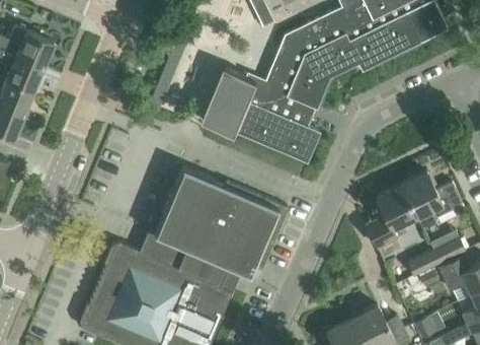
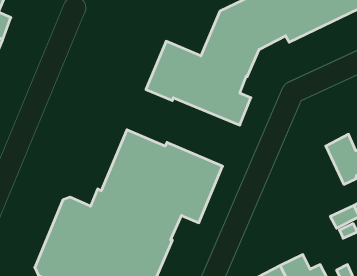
building: [367,186,423,248] -> none

